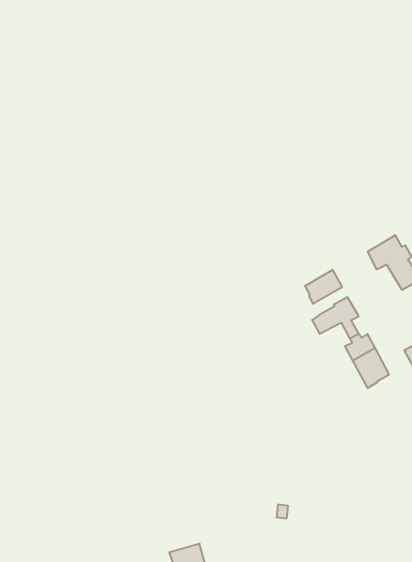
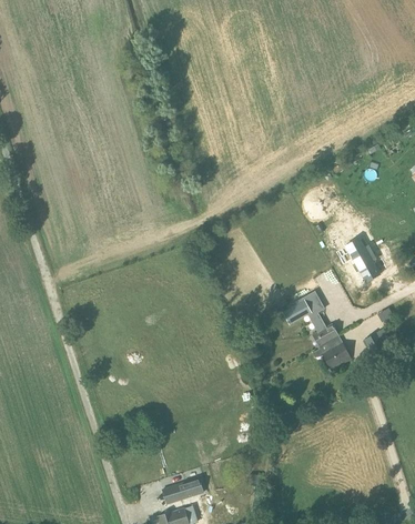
building: [305,270,342,304] -> none
building: none -> [164,477,203,502]

